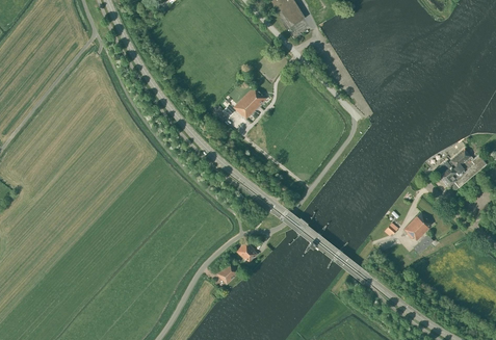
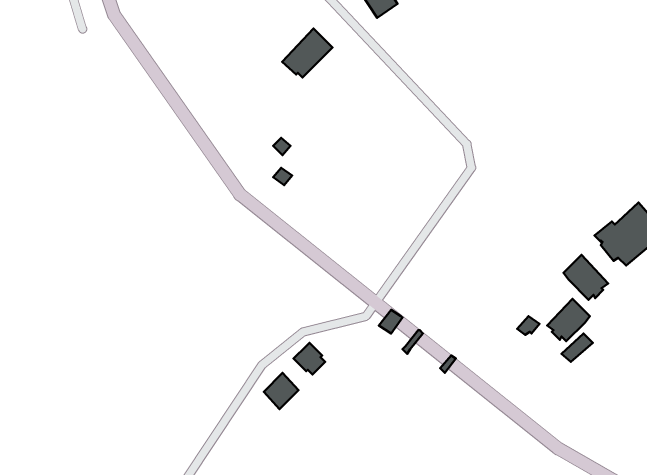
building: [233,86,266,119] -> [282,29,332,78]
building: none -> [563,255,608,300]

